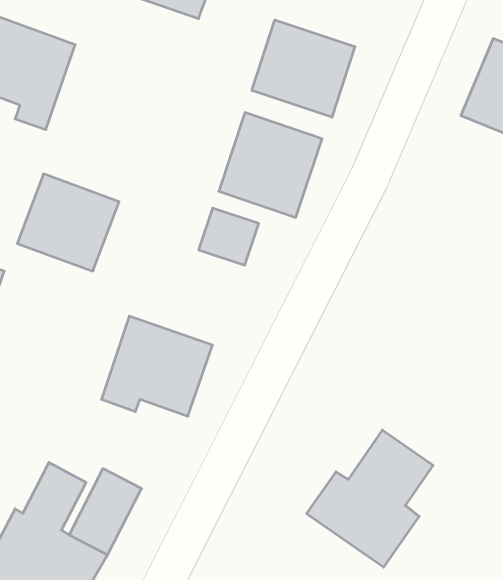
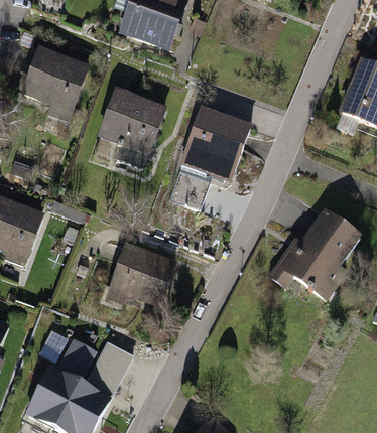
building: [252,20,355,117] -> none
building: [17,174,119,271] -> [98,90,164,153]
building: [307,430,433,567] -> [275,212,358,302]

